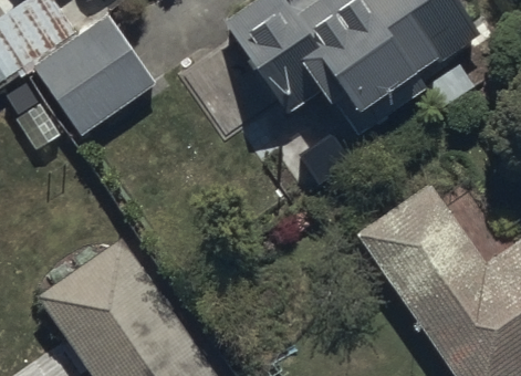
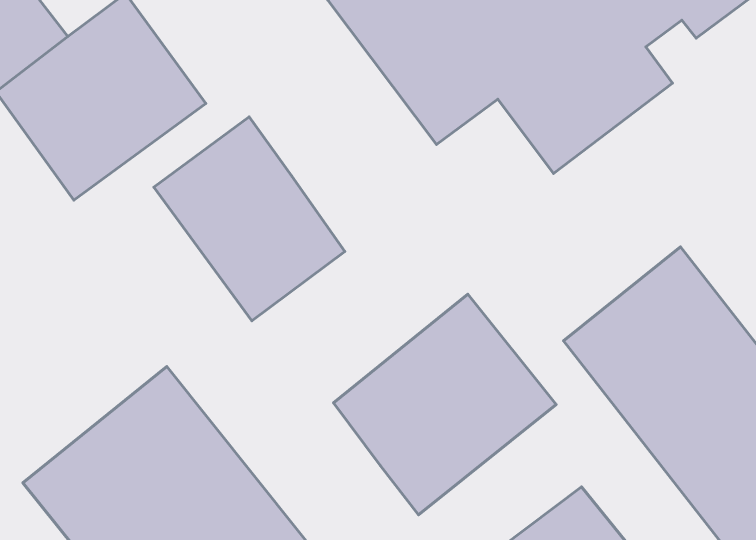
building: none -> [154,117,345,321]
building: none -> [333,294,556,515]

